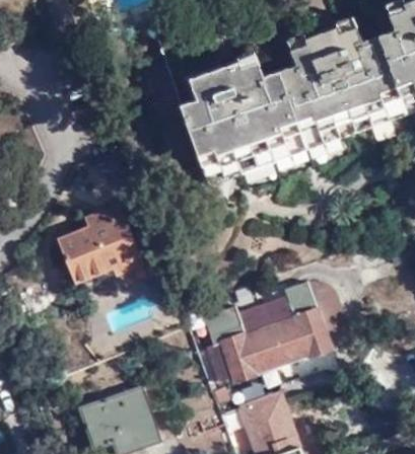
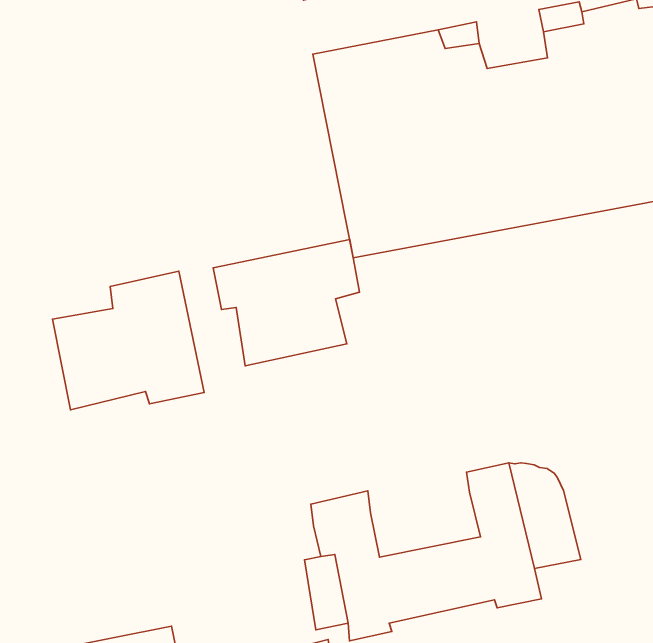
building: none -> [213,240,360,366]
building: [233,286,295,336] -> none

